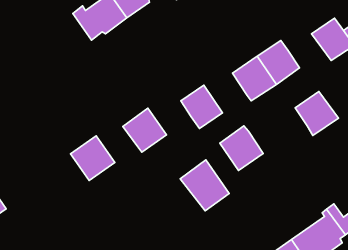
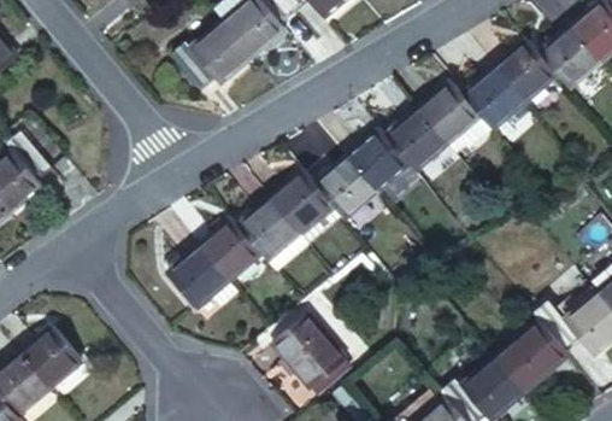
building: none -> [272,165,336,229]
building: [295,92,339,135] -> [467,66,531,130]
building: none -> [201,215,263,275]
building: [220,126,263,171] -> [351,125,414,191]
building: [180,160,229,211] -> [279,309,352,382]

